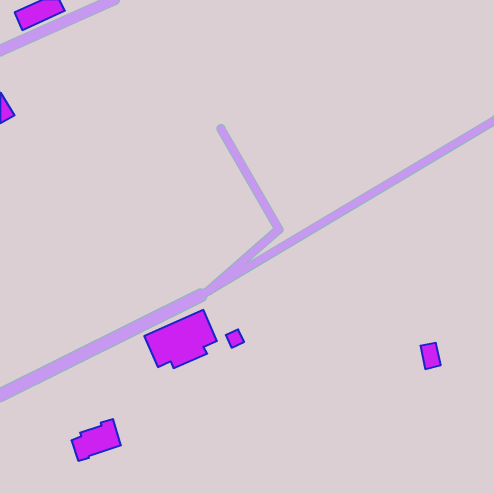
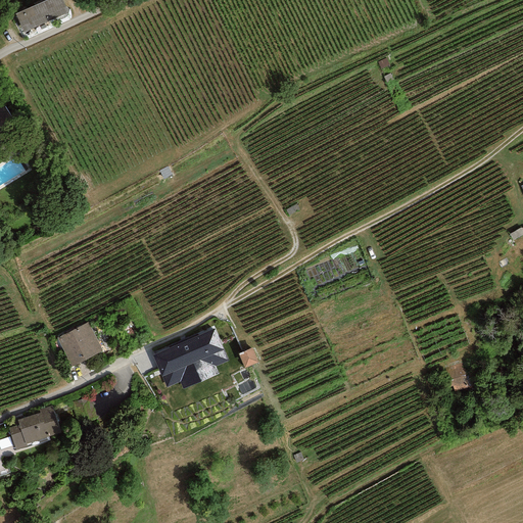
building: none -> [58,322,103,365]
building: [71,419,121,461] -> [9,405,61,448]

